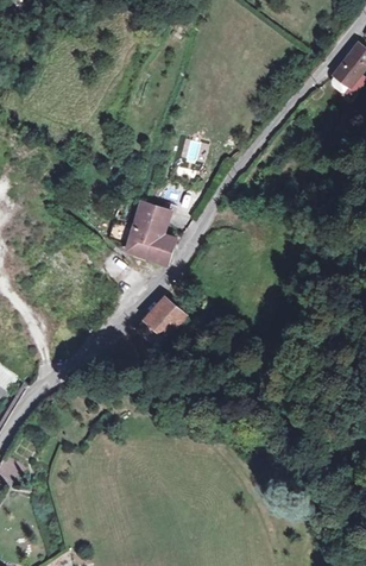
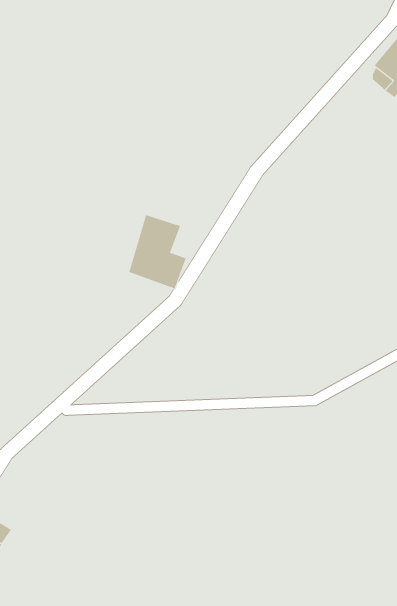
building: [135,298,185,347] -> none

